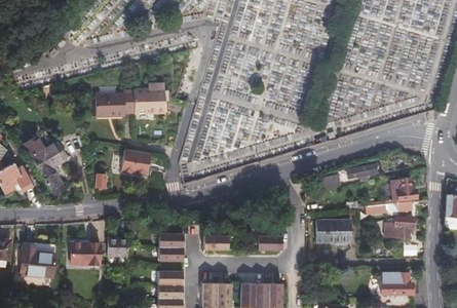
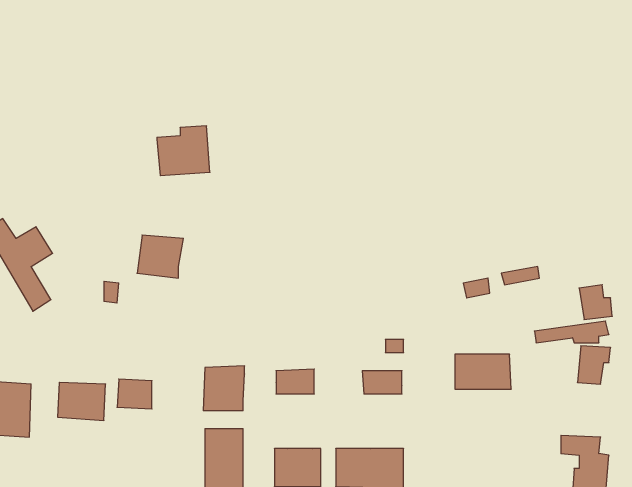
building: [94,88,135,117] -> none

